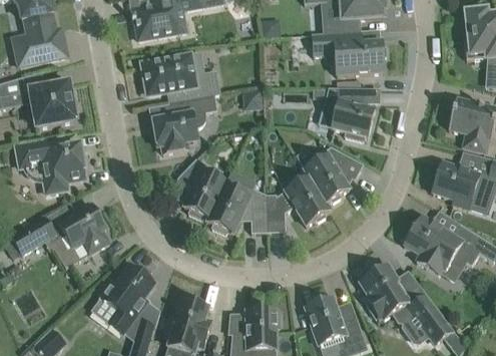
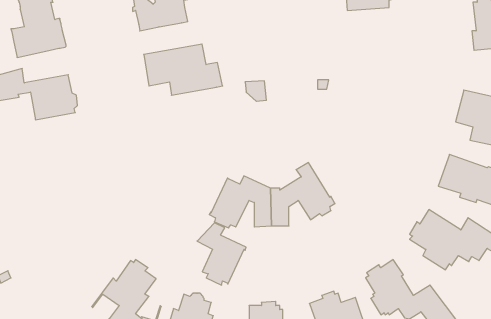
building: [311,30,386,75] -> none
building: [322,87,375,140] -> none
building: [152,95,216,153] -> none
building: [15,135,85,194] -> none
building: [304,146,363,204] -> none
building: [178,158,226,220] -> [197,223,246,285]
building: [12,205,109,255] -> none

